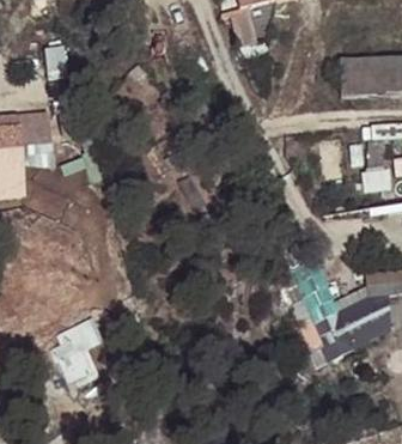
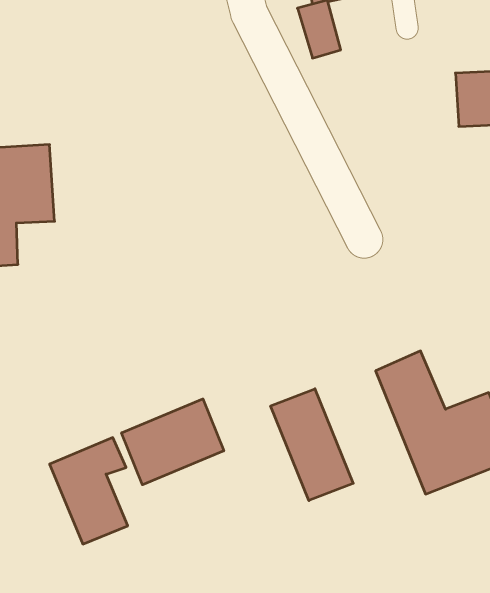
building: none -> [271,389,353,501]
building: none -> [122,399,224,485]

